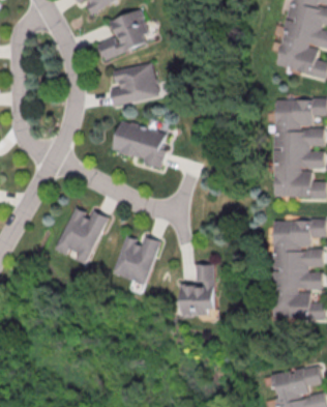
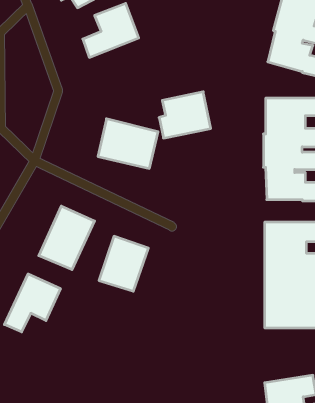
building: [111,61,160,106] -> [159,92,211,138]
building: [183,263,216,316] -> none
building: none -> [4,274,60,332]

